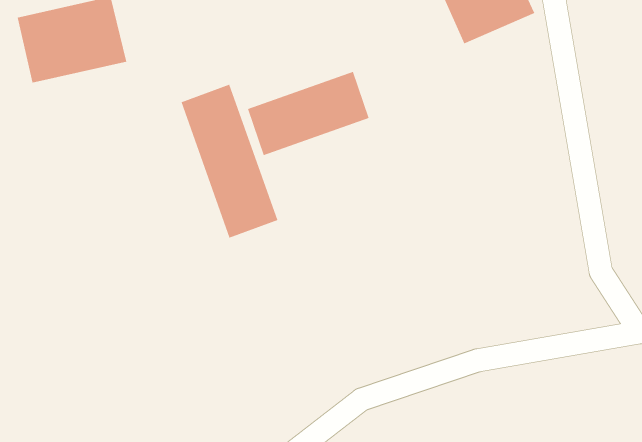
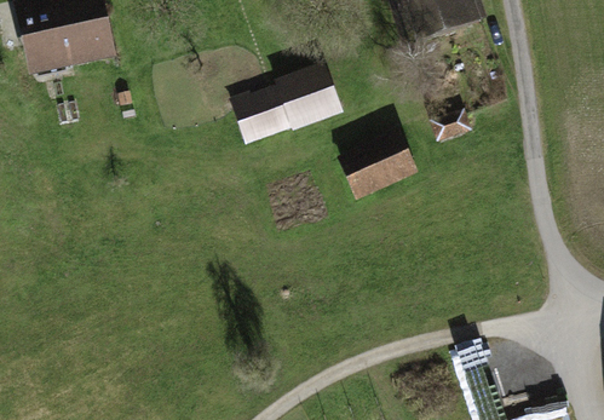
building: [181,84,278,238] -> none
building: none -> [338,132,416,197]

